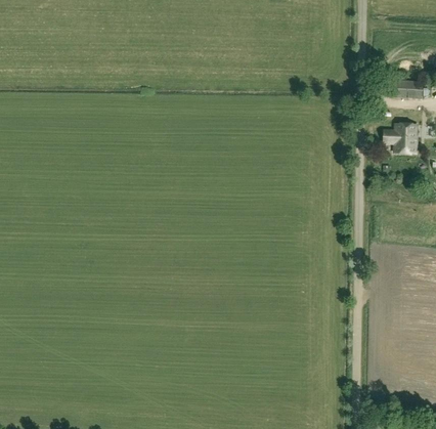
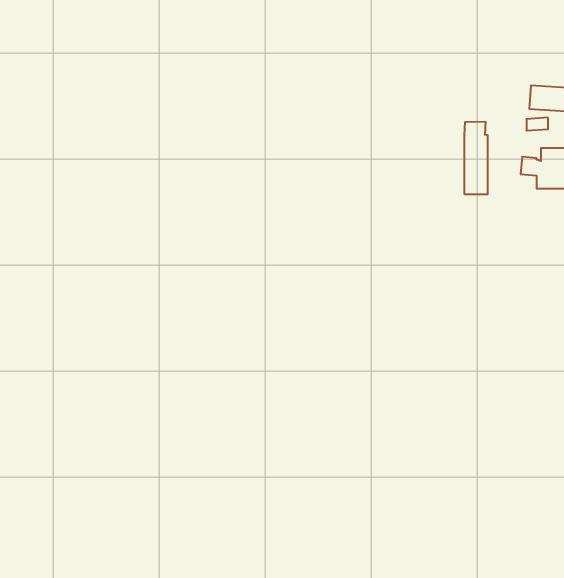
building: none -> [465,122,488,194]

